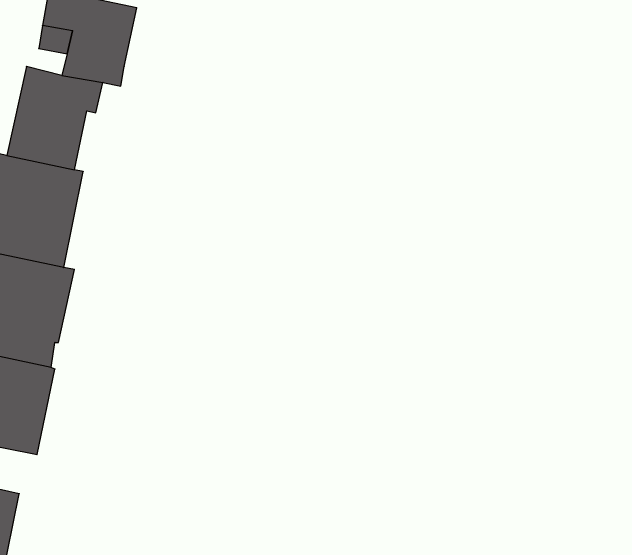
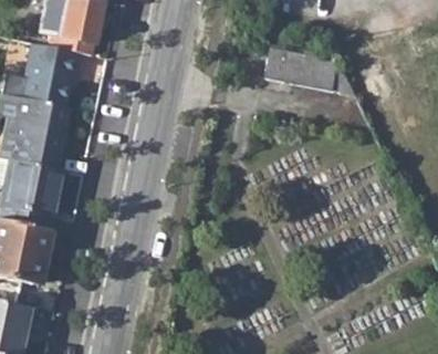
building: none -> [267,48,358,94]

